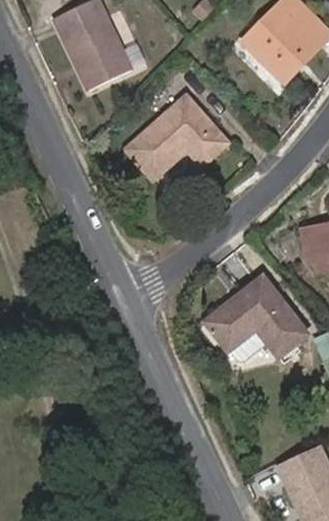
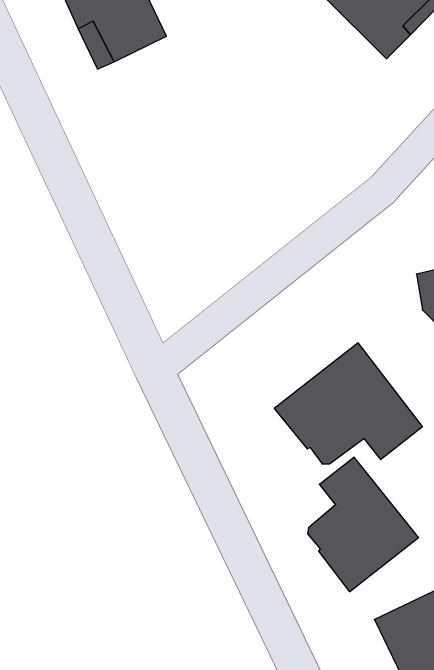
building: [127,94,228,178] -> none
building: none -> [308,457,419,592]

